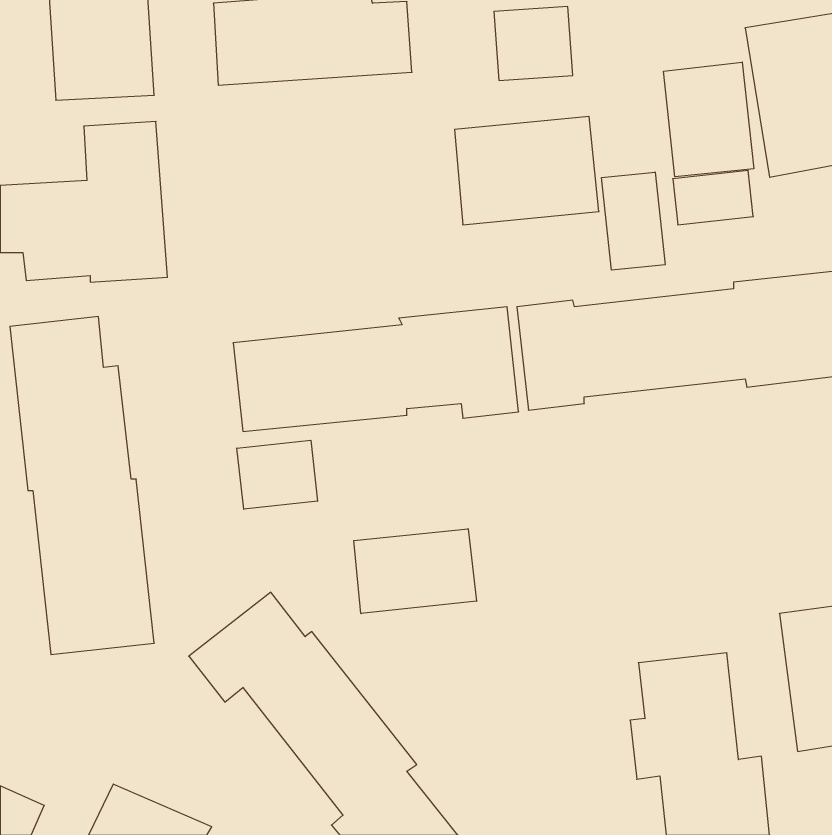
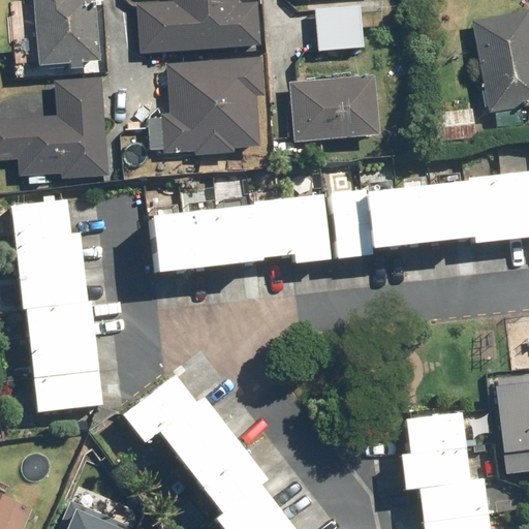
building: [664,62,754,177] -> none
building: none -> [162,55,266,154]
building: [602,172,665,270] -> none
building: [237,440,317,509] -> none
building: [354,529,477,614] -> none

